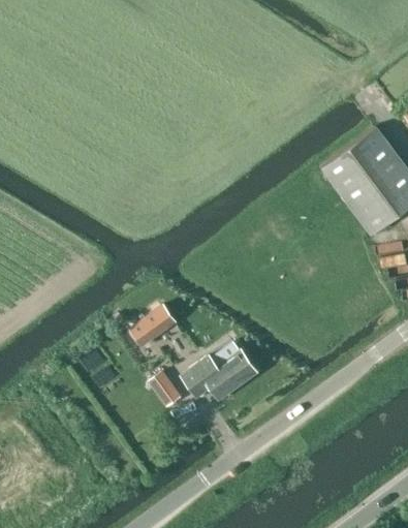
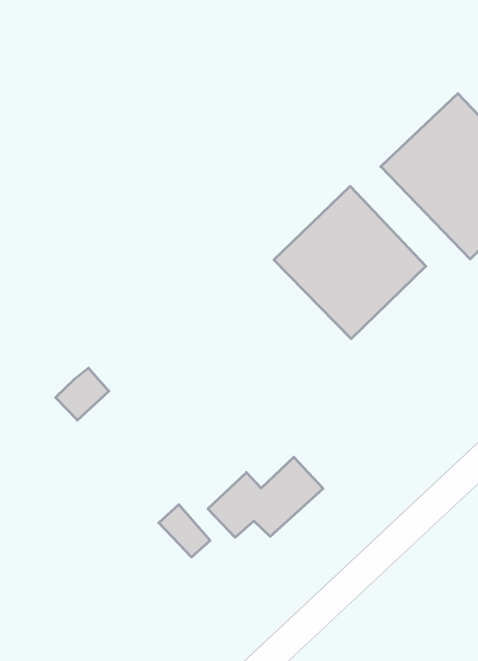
building: none -> [274,186,426,339]
building: [134,309,169,342] -> [56,368,109,420]

